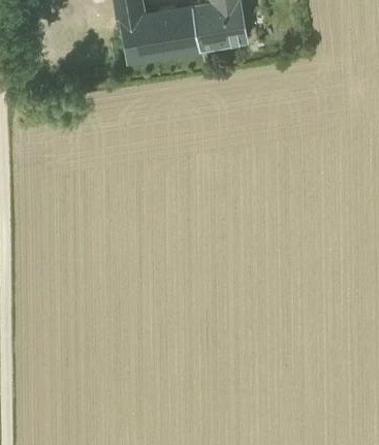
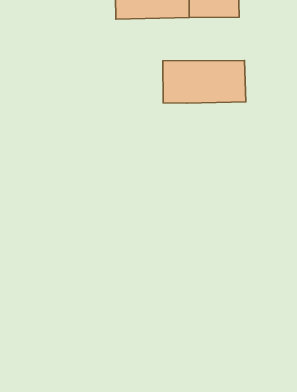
building: none -> [163,61,246,103]

